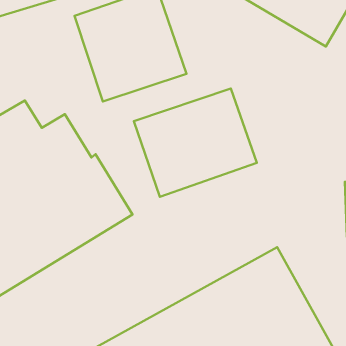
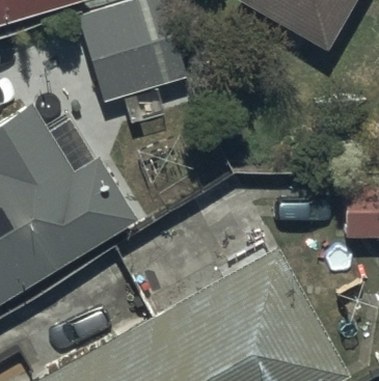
building: [134,89,257,197] -> none

